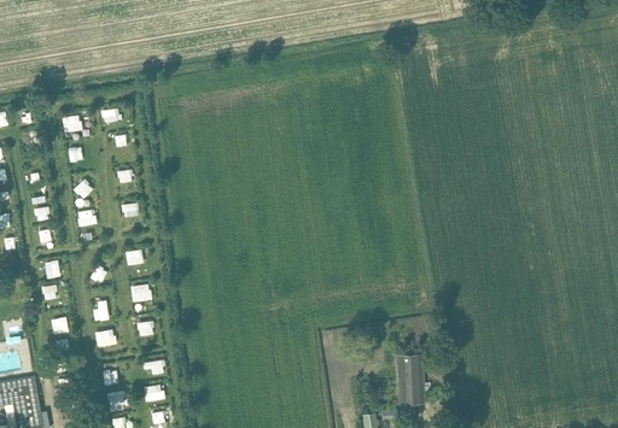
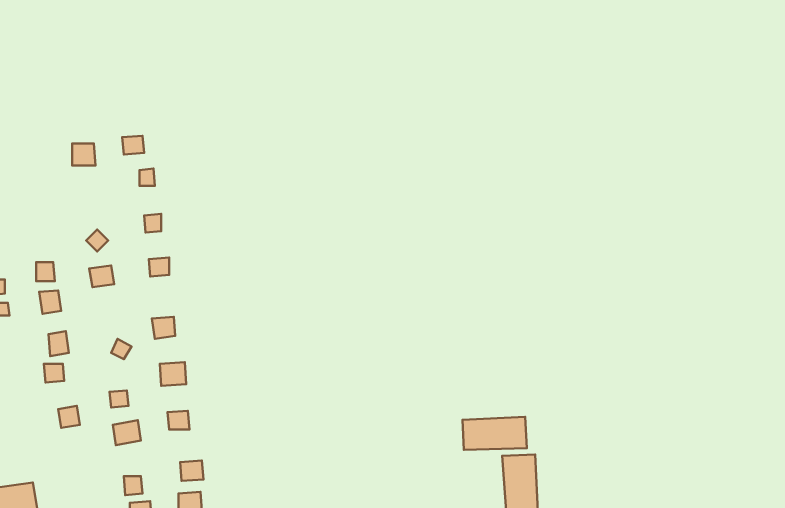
building: none -> [462,417,527,450]

